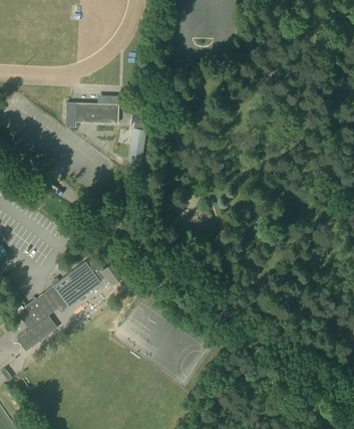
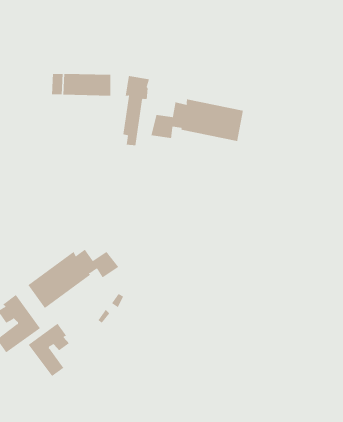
building: none -> [151,98,244,142]
building: none -> [28,323,70,377]

